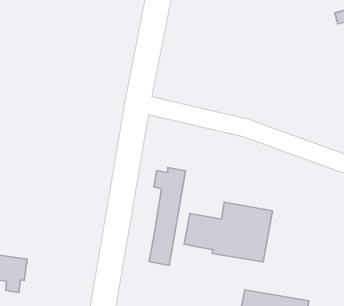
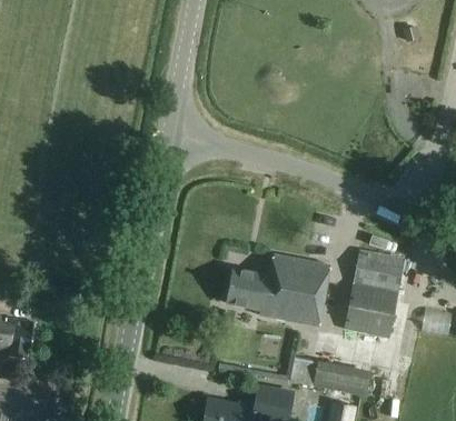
building: [149,168,186,266] -> none
building: none -> [344,249,405,338]

